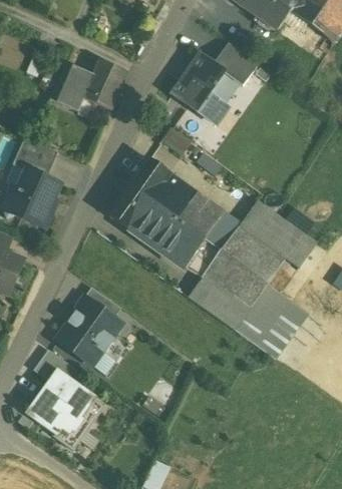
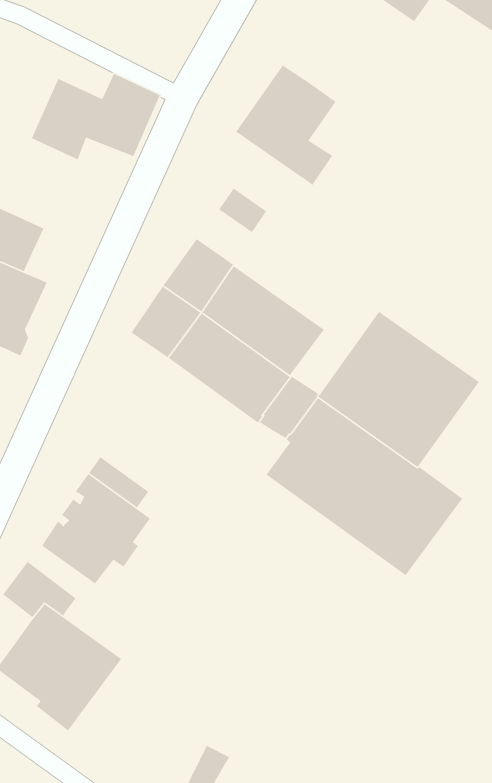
building: [215,44,259,87] -> none

